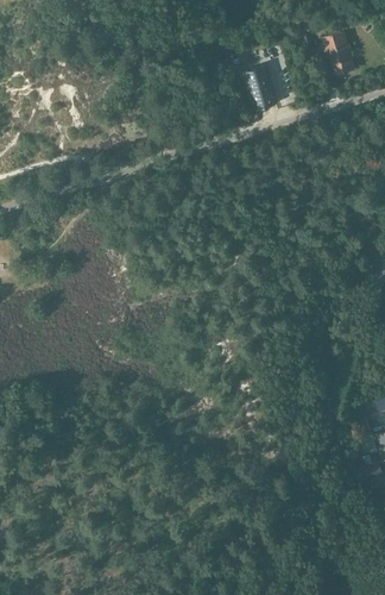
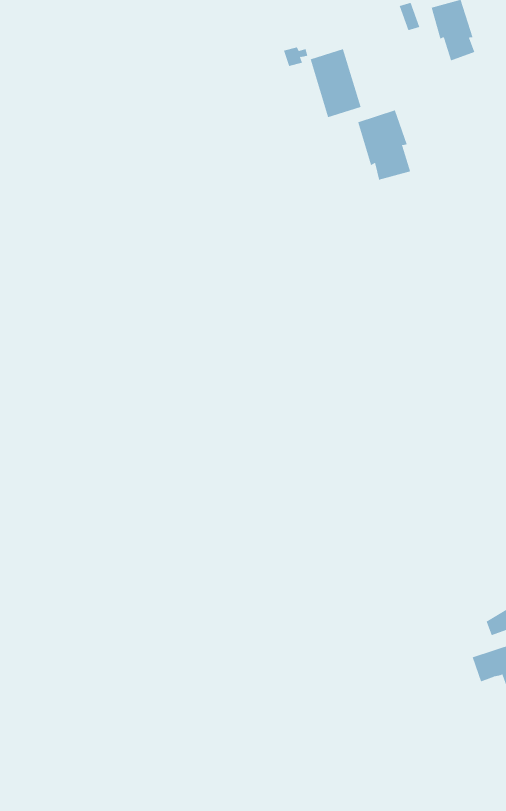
building: none -> [358,109,411,180]

